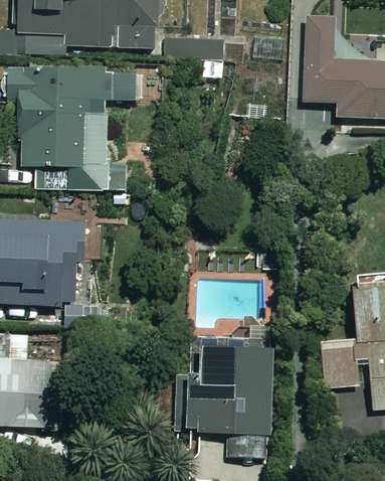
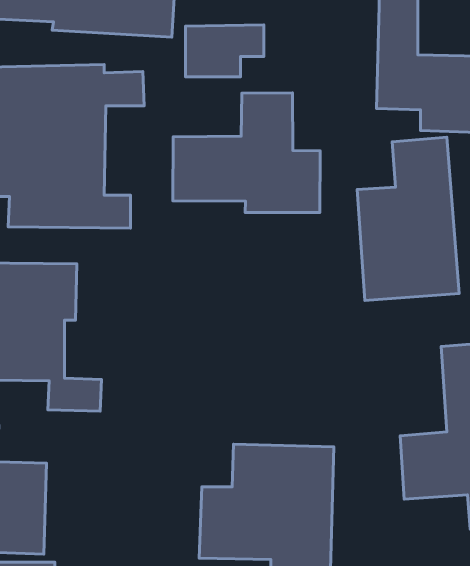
building: none -> [173,93,320,213]
building: none -> [357,137,459,301]

